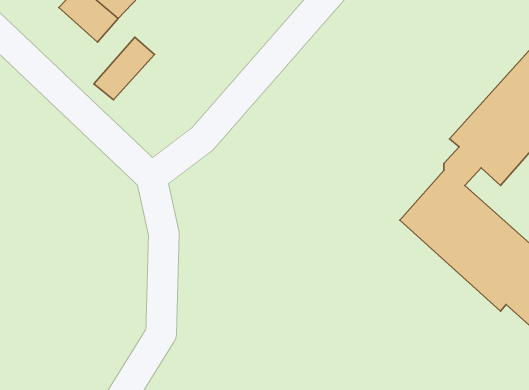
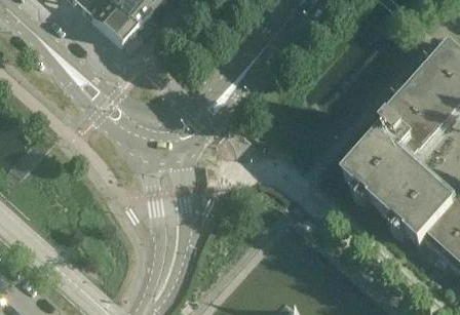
building: [94,37,154,100] -> none

